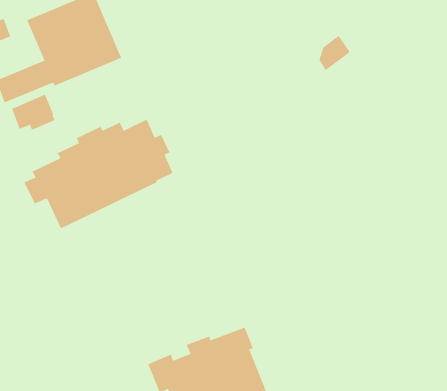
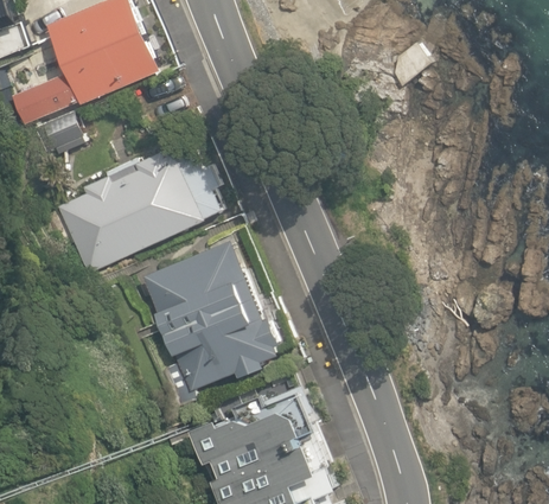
building: none -> [139,240,291,410]

